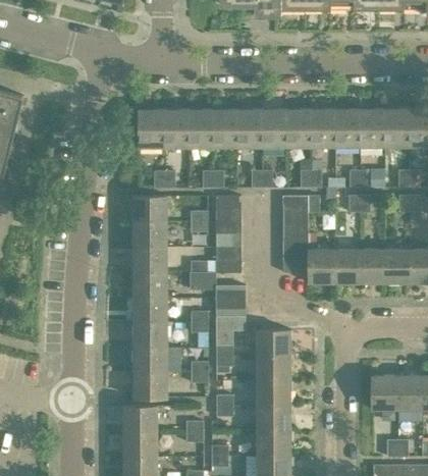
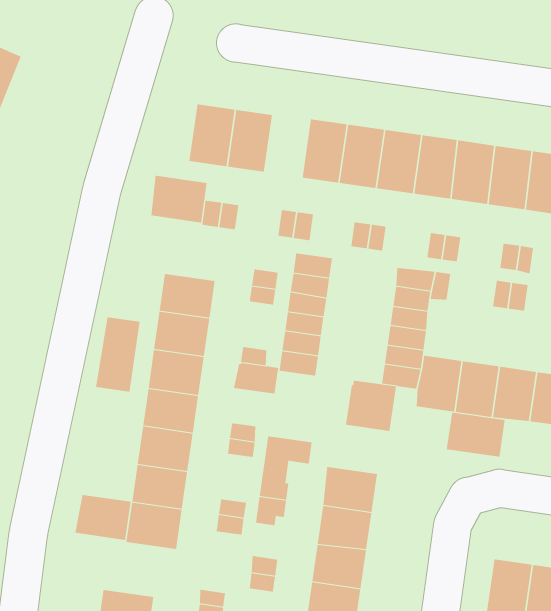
building: [189,108,213,147] -> none
building: [132,195,167,221] -> [150,175,208,223]
building: none -> [95,316,140,393]
building: none -> [446,412,505,457]
building: [215,285,245,315] -> [345,380,397,431]
building: [123,405,157,430] -> [75,494,131,540]

